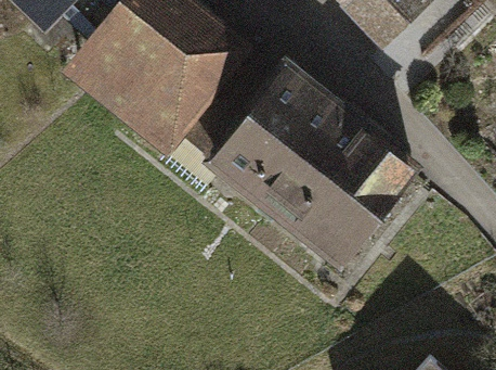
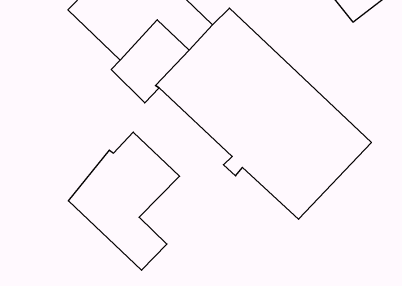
building: none -> [68,132,180,270]

